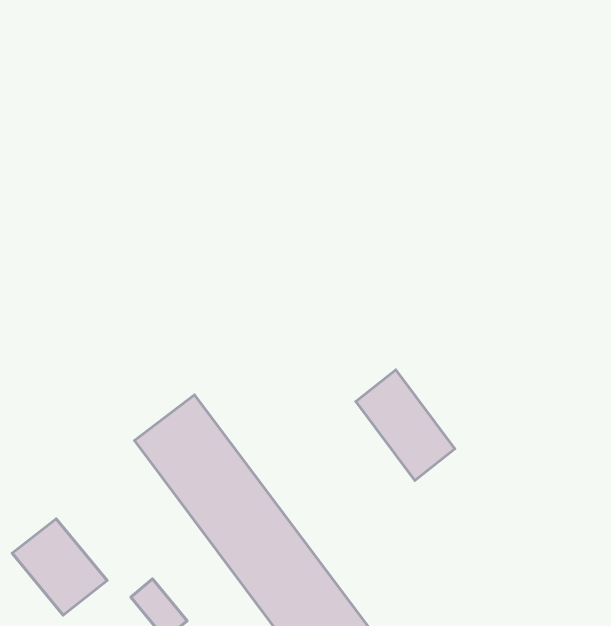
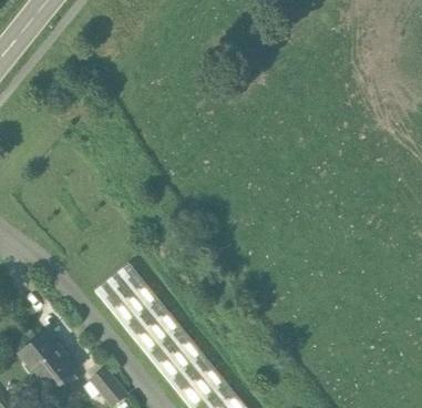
building: [356,370,455,480] -> none

